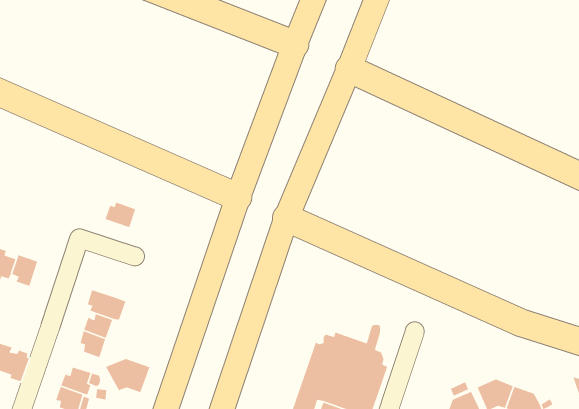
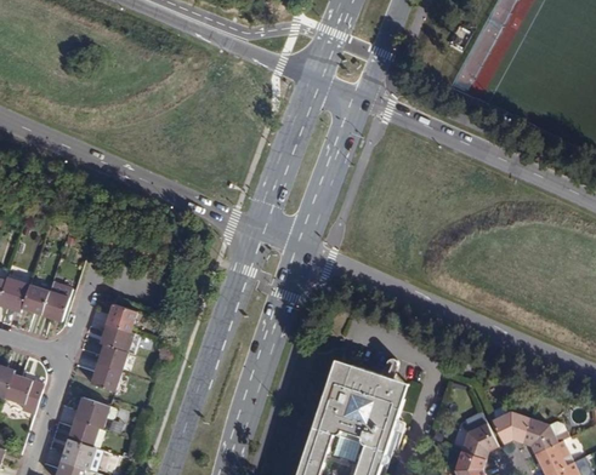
building: [105,201,136,228] -> [104,303,136,330]
building: none -> [42,285,74,322]
building: [105,358,150,393] -> none

